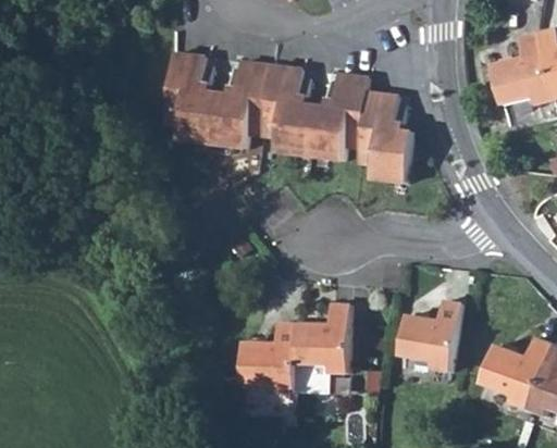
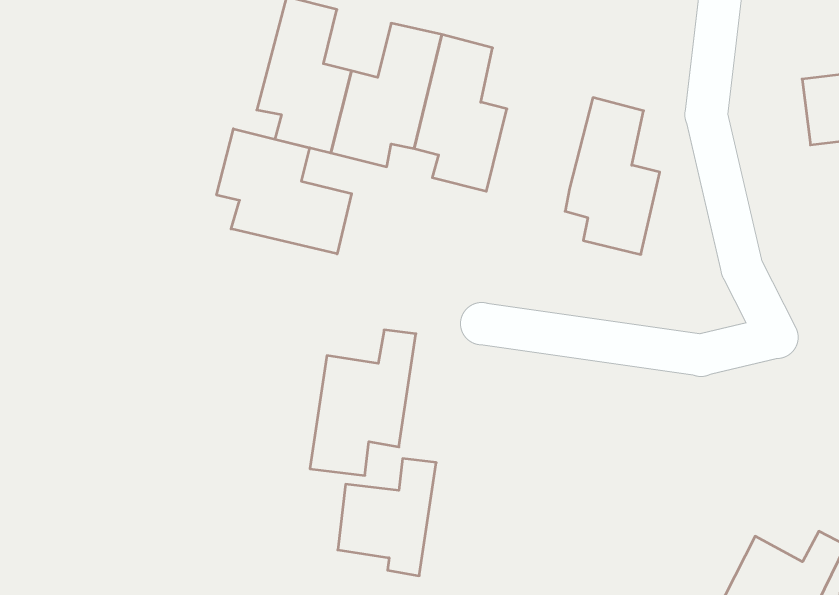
building: [309,73,369,160] -> none
building: none -> [217,129,352,254]
building: [400,300,462,371] -> none
building: [296,303,350,393] -> [310,330,416,475]

